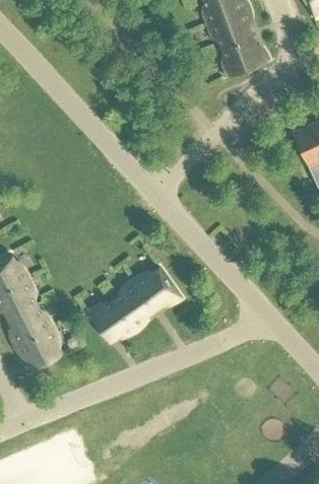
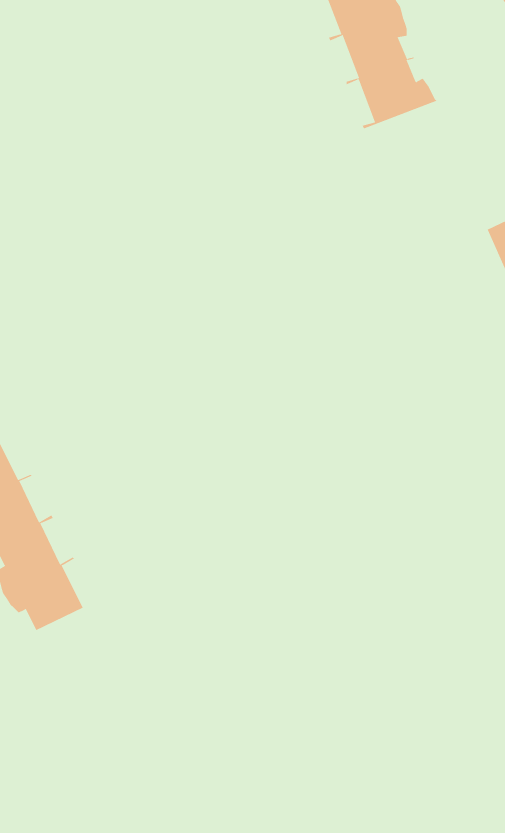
building: [86,267,180,340] -> none

